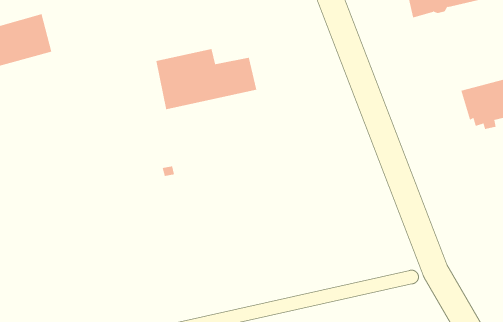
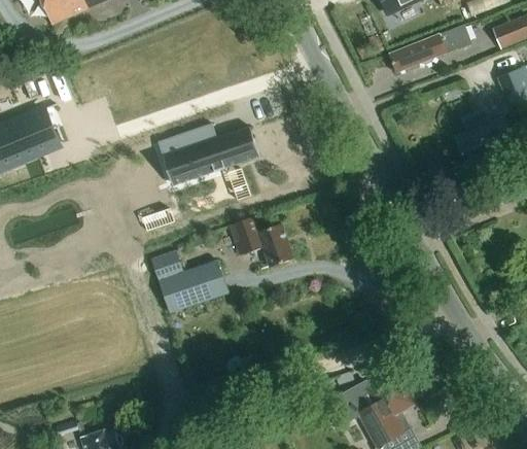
building: none -> [230,218,294,268]
building: none -> [151,250,227,313]

